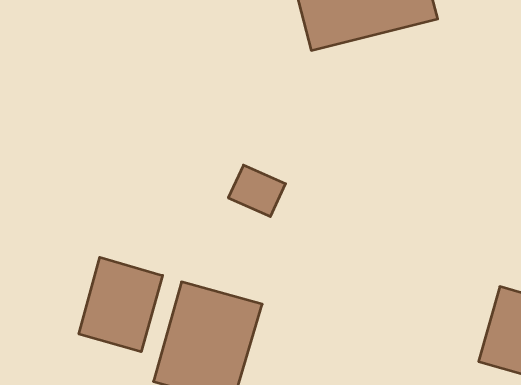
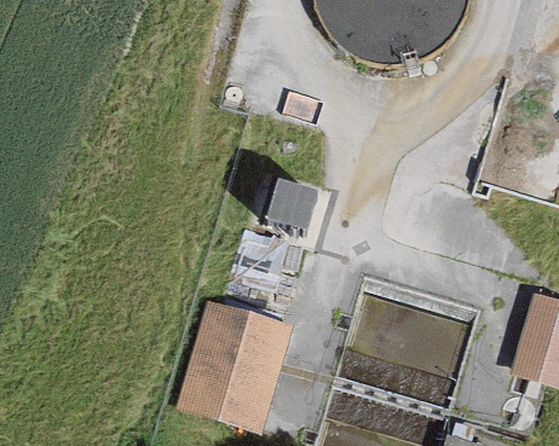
building: [79,257,163,352] -> none

